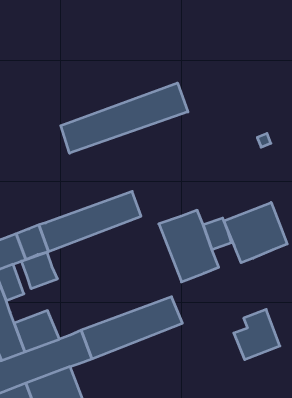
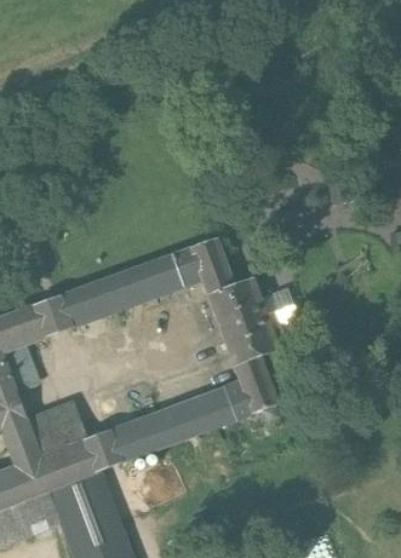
building: [61,83,188,153] -> none
building: none -> [174,237,235,294]
building: [224,202,287,263] -> none
building: [21,252,57,289] -> none
building: [234,309,280,360] -> [223,355,280,416]

